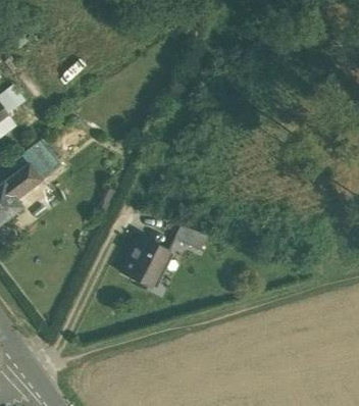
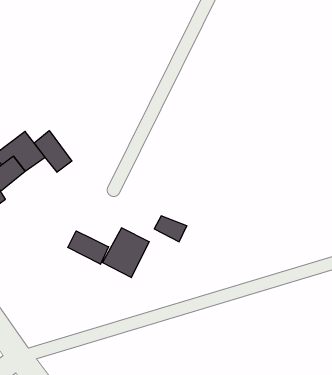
building: none -> [34,131,72,172]
building: none -> [68,231,109,264]

